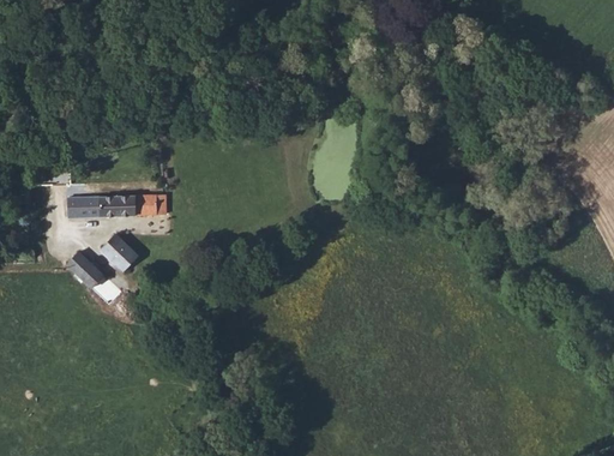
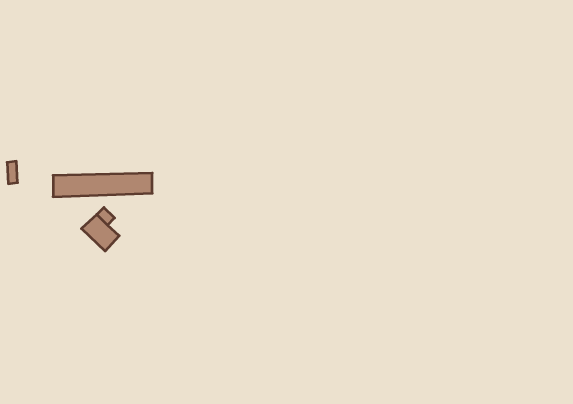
building: [62,252,102,289] -> none

